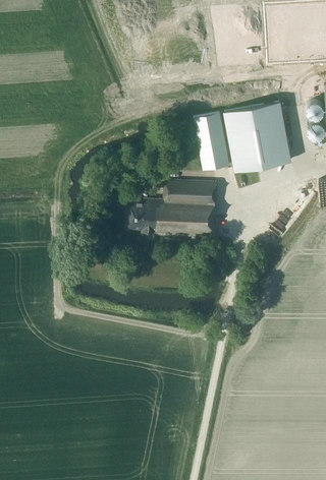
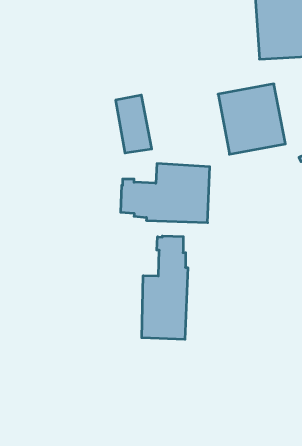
building: [194,112,229,169] -> [116,95,152,153]
building: none -> [142,236,188,339]

